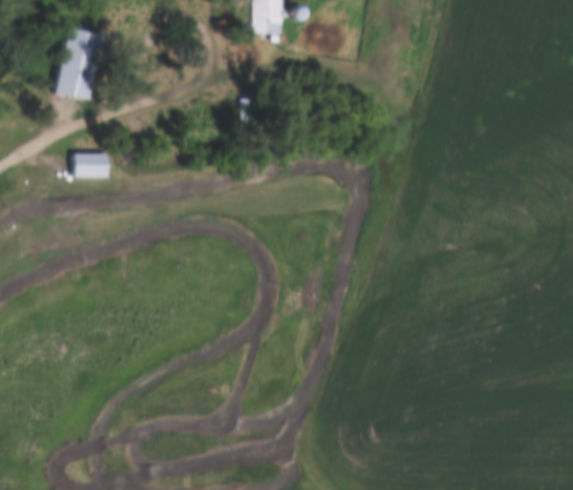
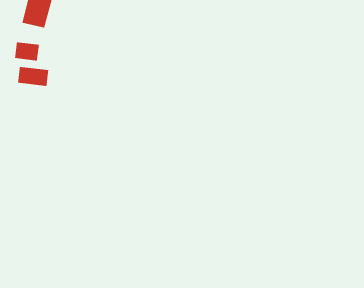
building: none -> [14,41,40,61]

